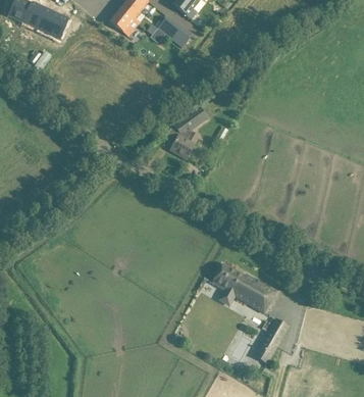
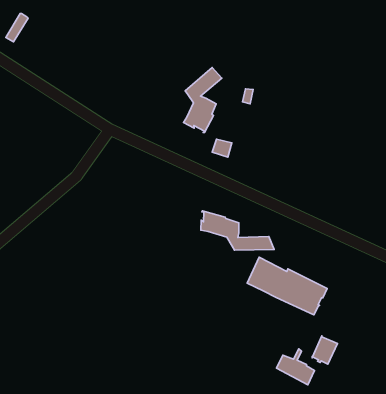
building: none -> [201,211,274,250]

